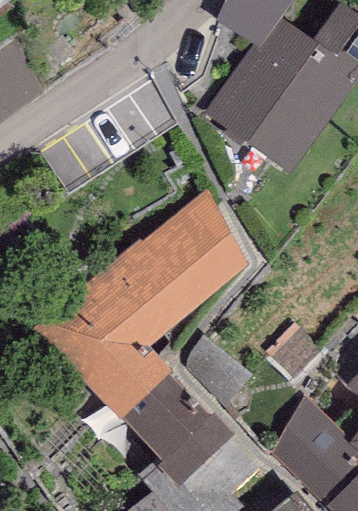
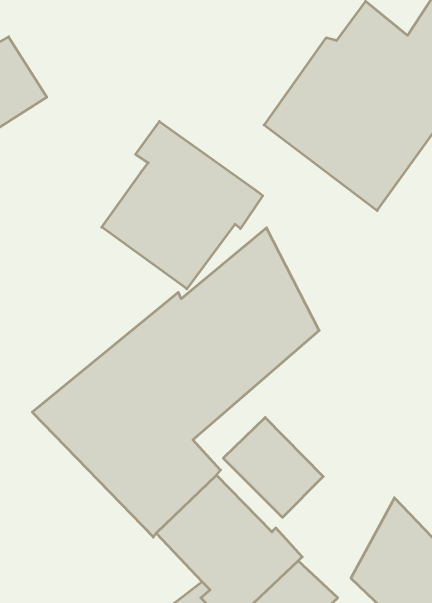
building: none -> [102,121,263,289]

